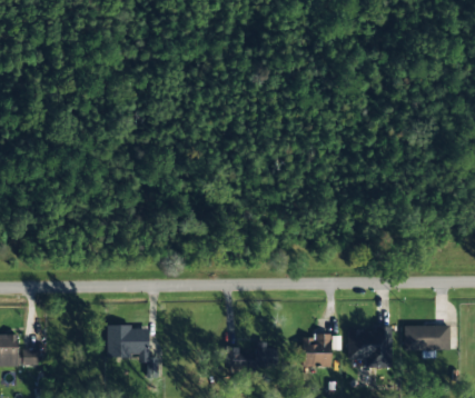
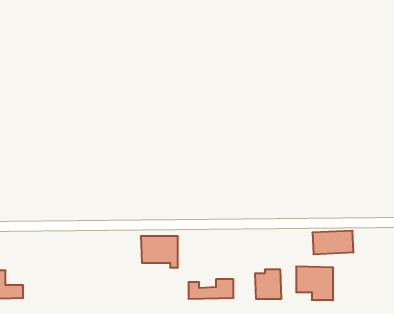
building: [404,325,451,351] -> [312,231,354,254]
building: [107,327,149,362] -> [141,236,178,268]

